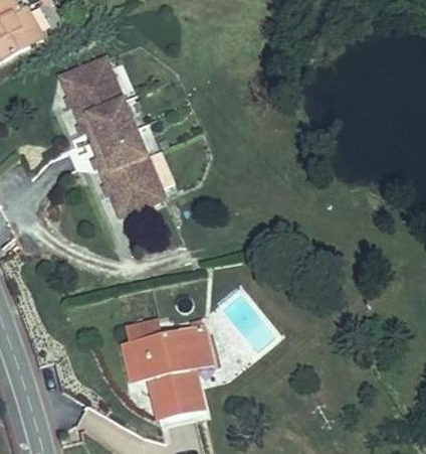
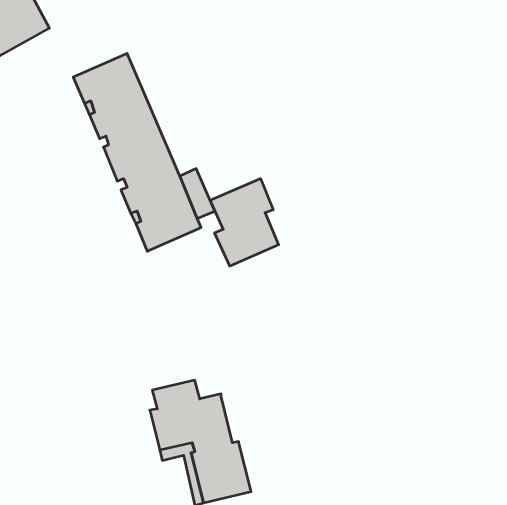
building: none -> [210,179,279,266]
building: [180,319,212,369] -> none

